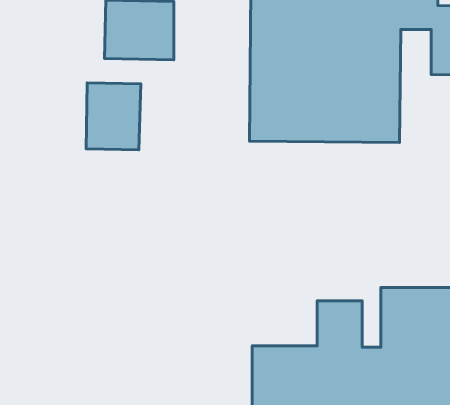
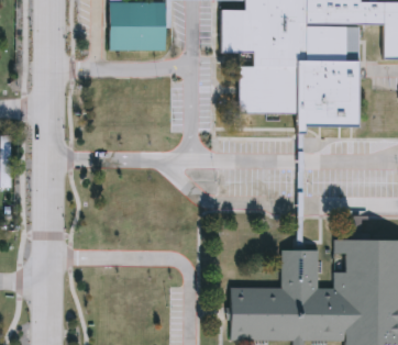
building: [86,83,141,150] -> none

